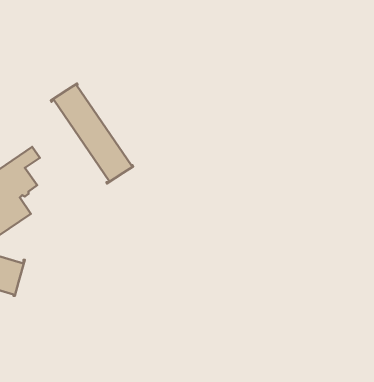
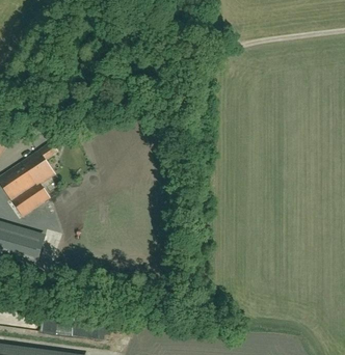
building: [51,84,133,184] -> none

